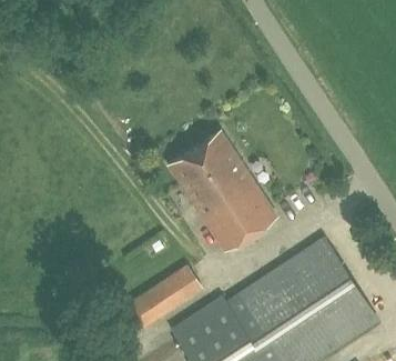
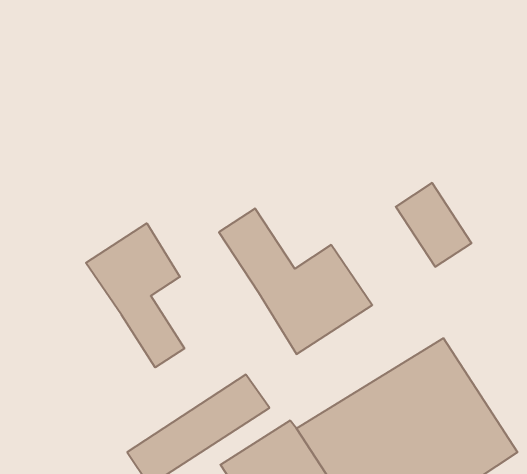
building: [193,132,246,191] -> [396,183,472,267]
building: none -> [86,223,184,367]

